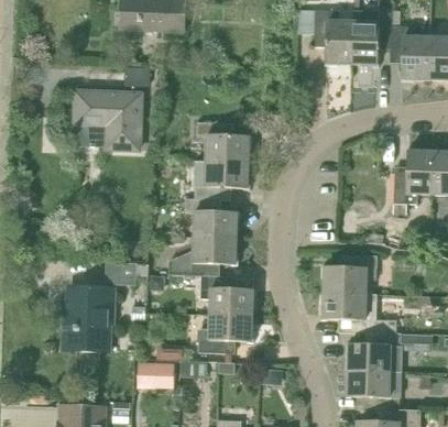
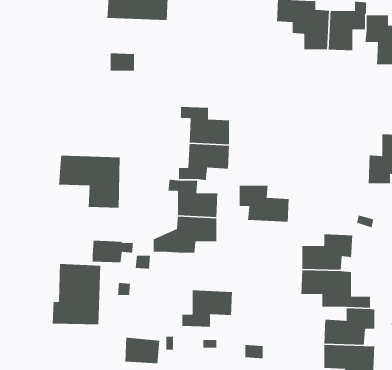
building: [74,92,139,149] -> [58,155,120,208]
building: [200,275,253,315] -> [239,185,289,223]

